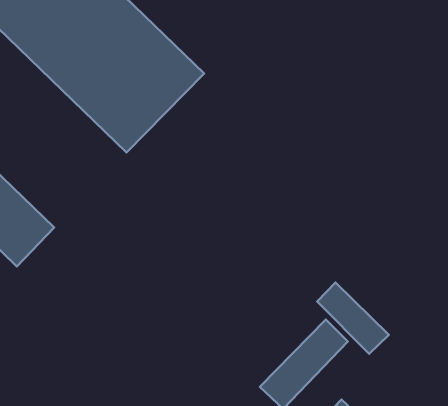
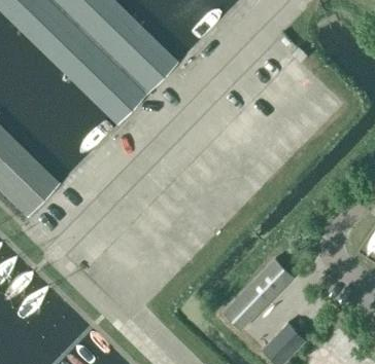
building: [317,282,389,354] -> none

